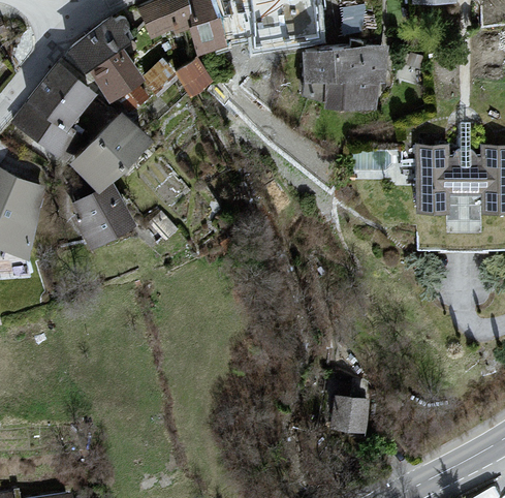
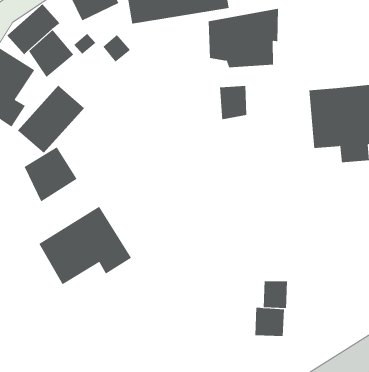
building: none -> [220,85,247,120]
building: none -> [39,206,132,285]
building: none -> [263,280,288,309]

